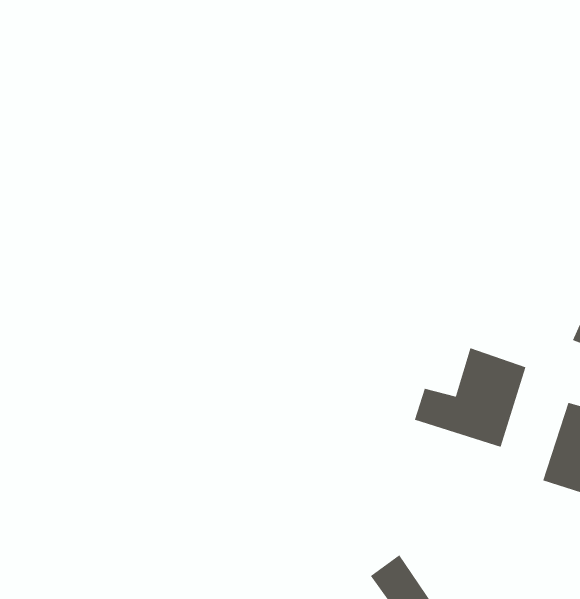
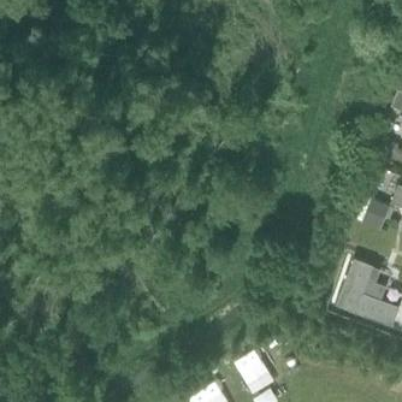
building: [414,347,527,448] -> none

